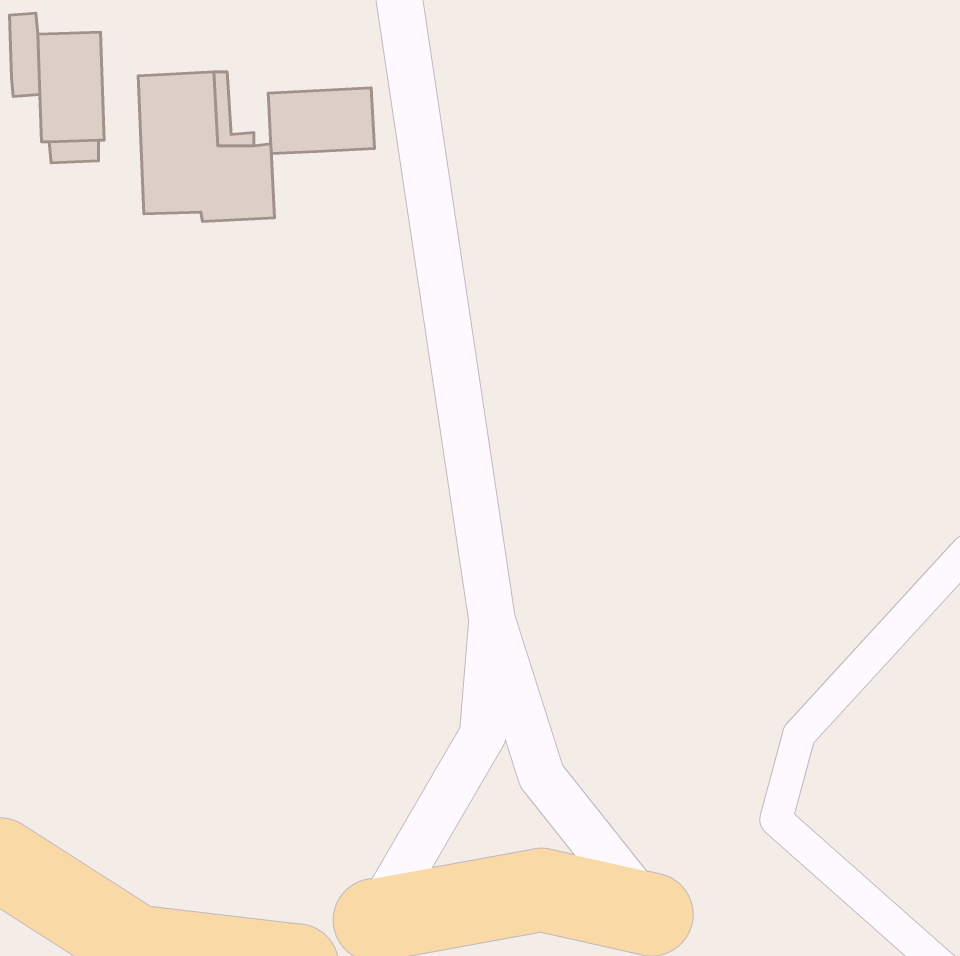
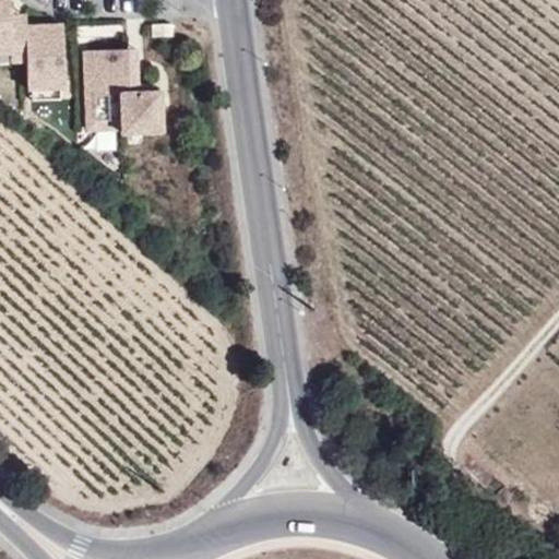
building: [268,88,374,154] -> none

